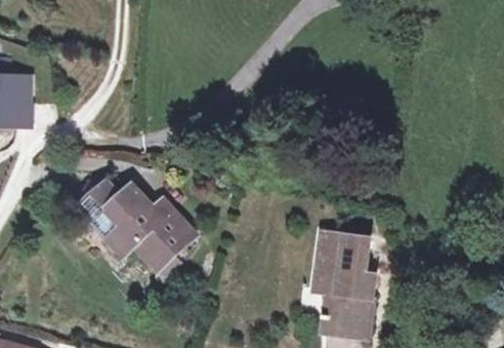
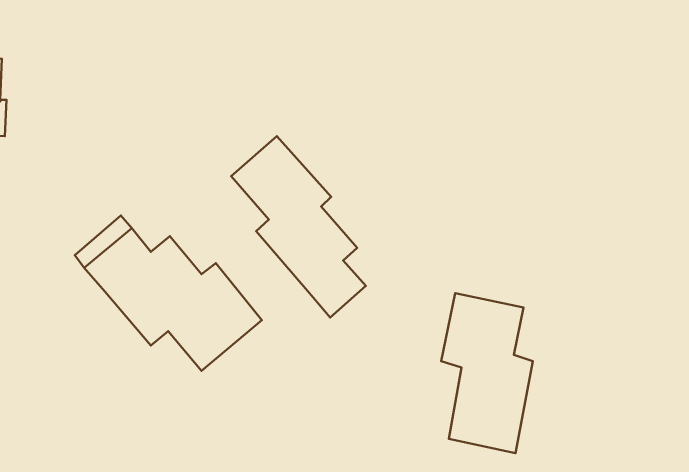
building: none -> [231,136,366,317]

